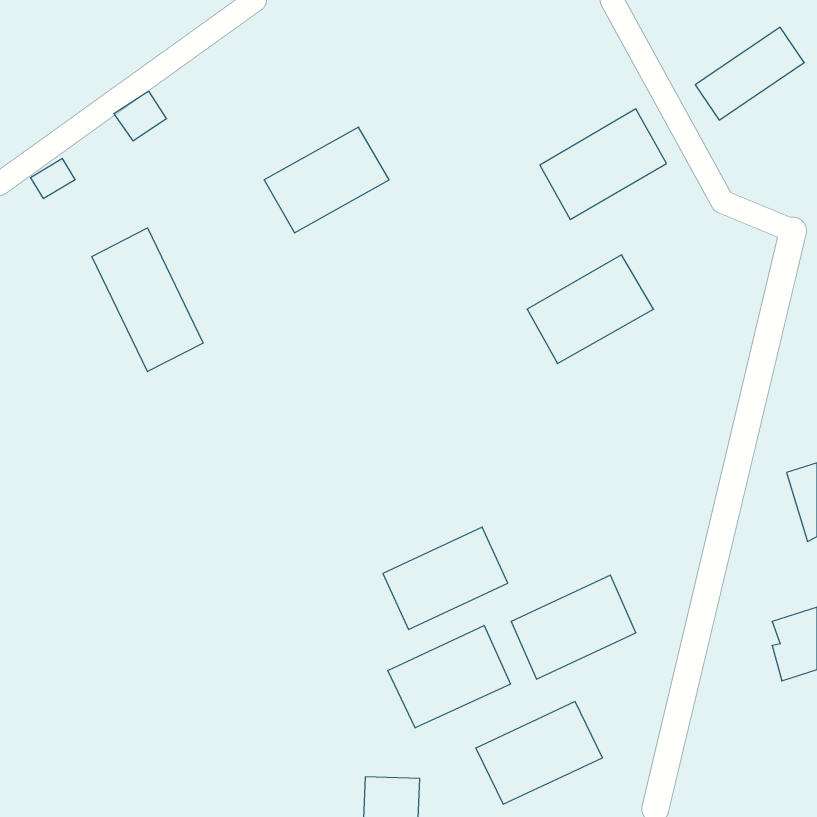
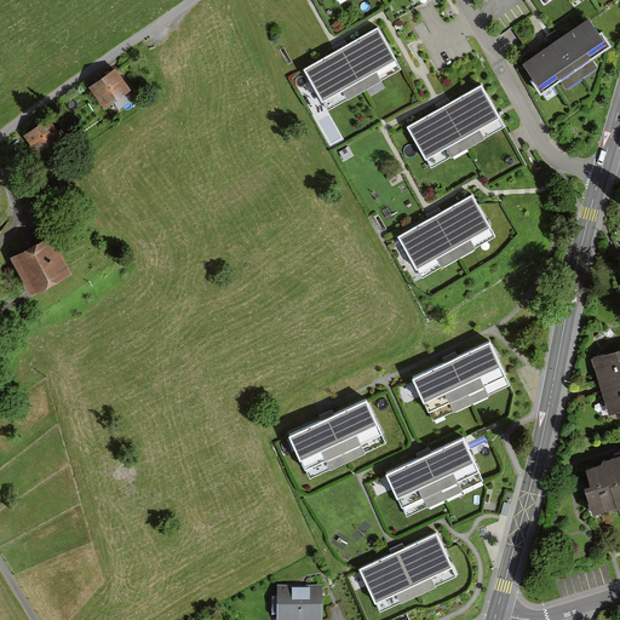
building: [264,127,389,233] -> [305,28,400,108]
building: [92,228,203,372] -> none
building: none -> [7,241,63,295]
building: none -> [413,341,507,419]
building: [388,625,511,728] -> none

